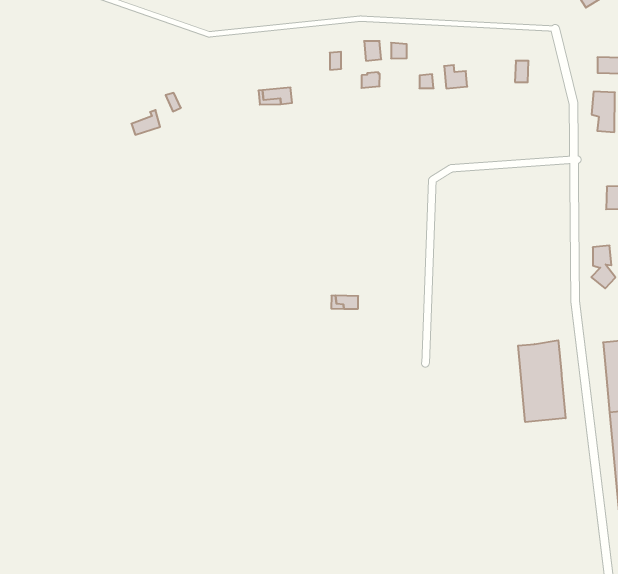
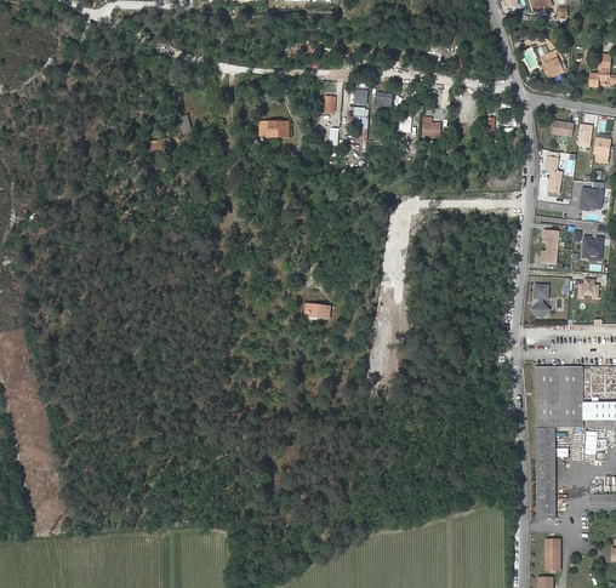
building: [518,340,566,422] -> none

